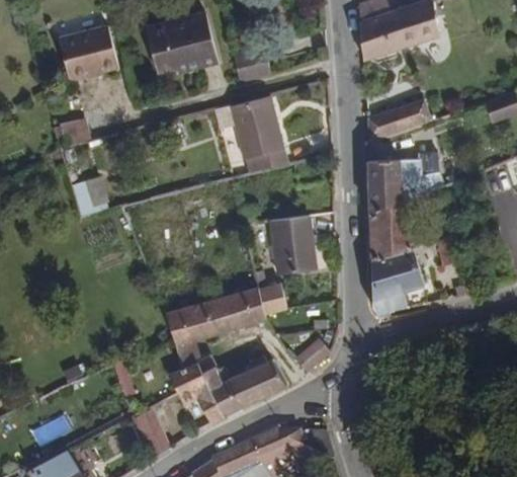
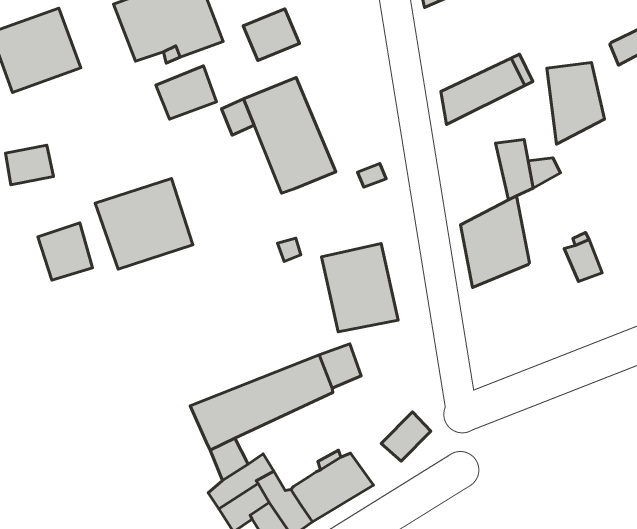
building: none -> [156,66,216,119]
building: none -> [95,178,193,269]
building: [368,158,404,212] -> [547,62,604,144]
building: [371,245,422,315] -> none

